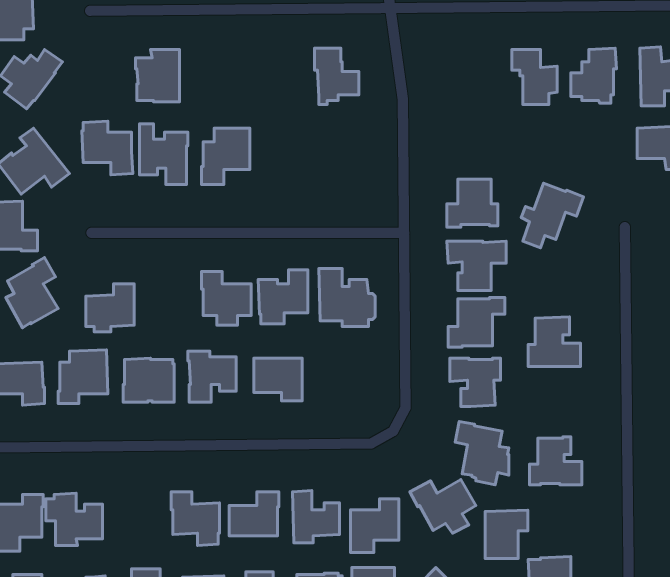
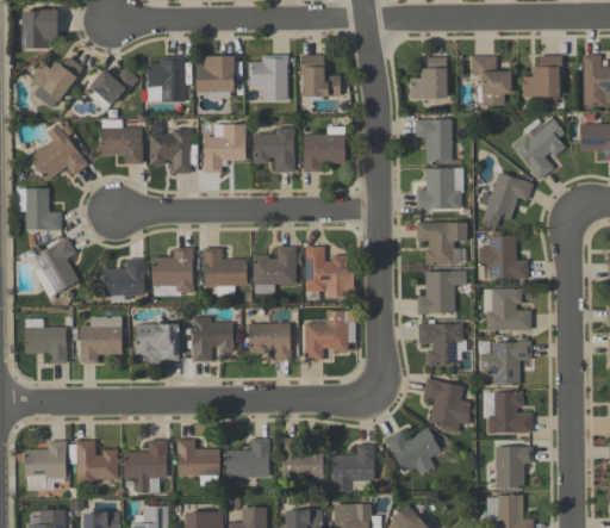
building: none -> [249,54,290,100]
building: none -> [197,56,235,98]
building: none -> [410,56,447,99]
building: none -> [91,67,139,110]
building: none -> [416,117,462,161]
building: none -> [511,117,566,180]
building: none -> [254,126,295,172]
building: none -> [304,126,346,172]
building: none -> [479,235,528,279]
building: none -> [154,248,194,296]
building: none -> [305,310,355,360]
building: none -> [481,341,531,385]
building: none -> [124,440,168,492]
building: [485,510,528,558] -> [496,446,533,487]

